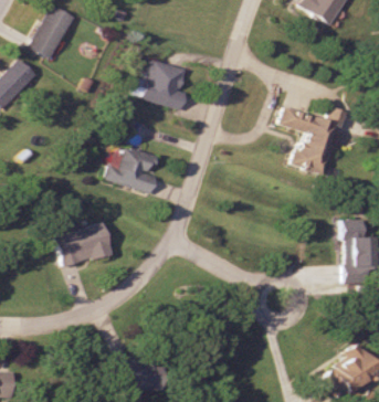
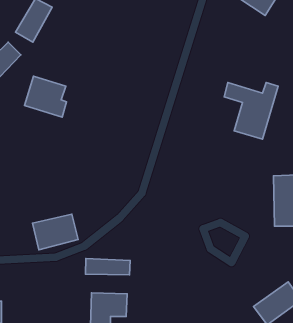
building: [143,60,187,109] -> none
building: [107,144,158,193] -> [25,76,67,117]
building: [56,222,112,265] -> [33,214,78,250]
building: none -> [85,259,130,275]

